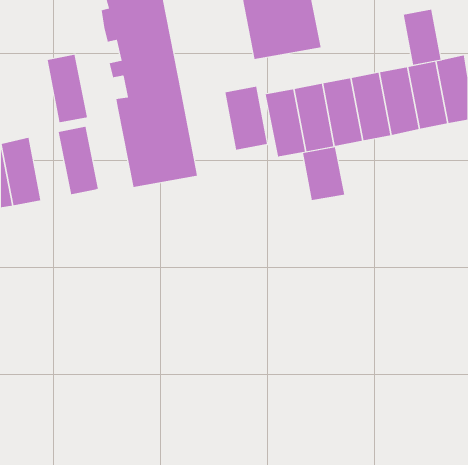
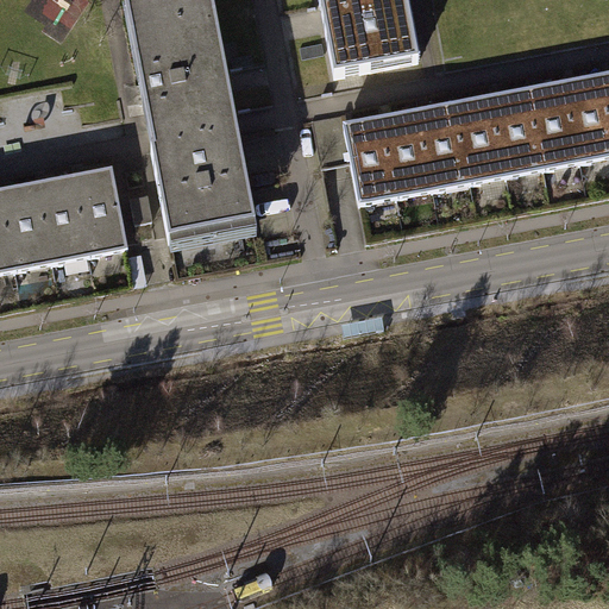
building: [403,9,441,65] -> none
building: [47,54,88,123] -> [38,171,92,260]
building: [225,86,267,150] -> none
building: [302,146,345,201] -> none

